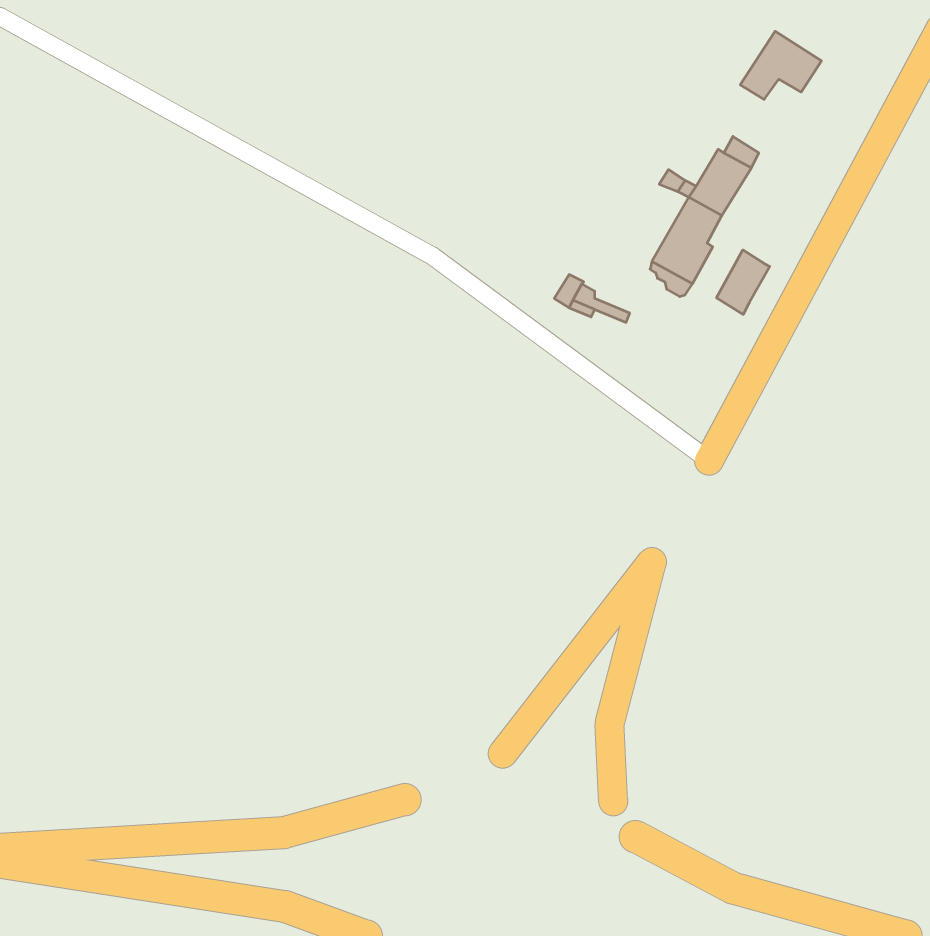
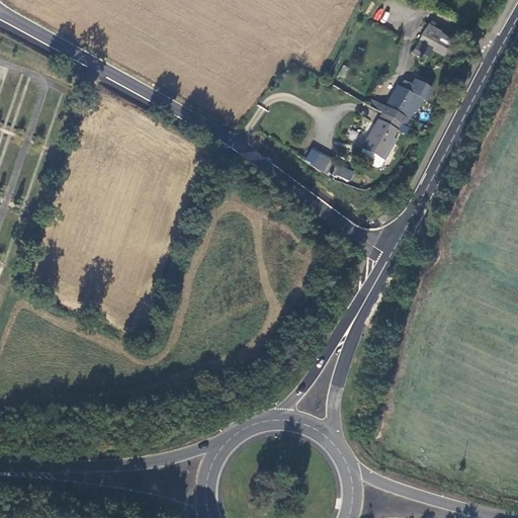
building: [717,250,770,314] -> none

